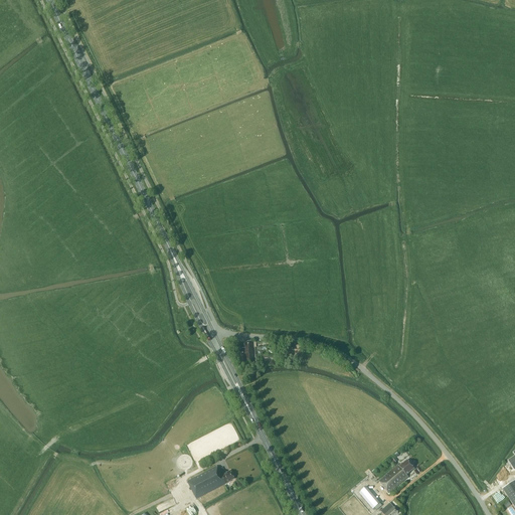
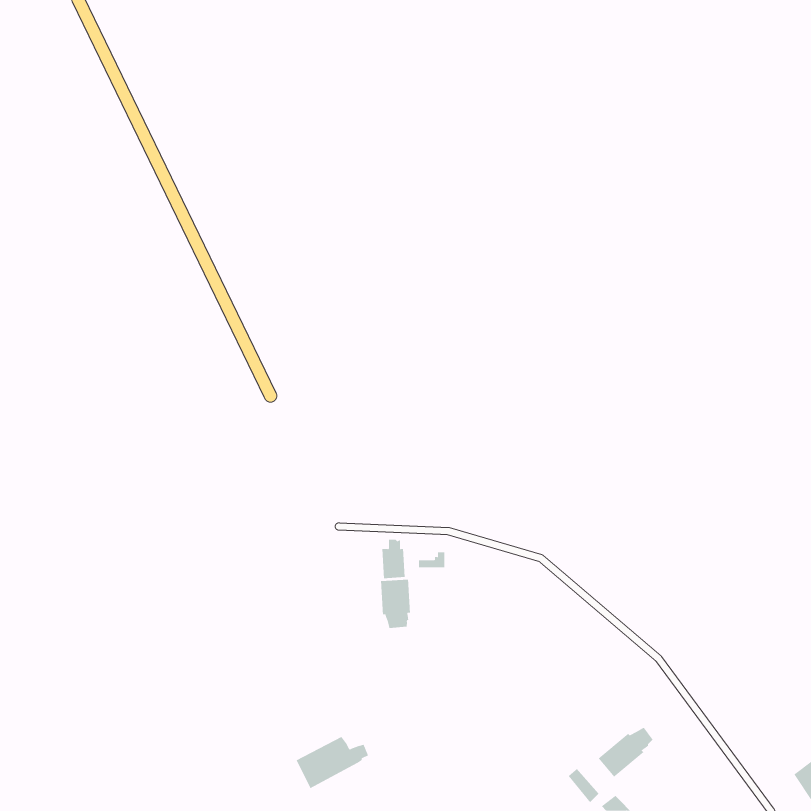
building: none -> [380,579,410,629]

